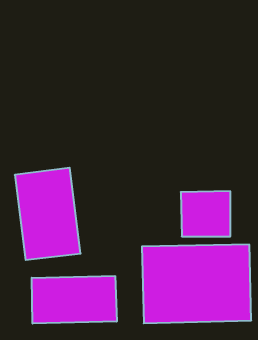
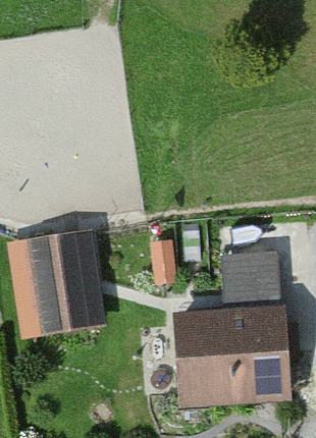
building: [32,276,117,324] -> none

